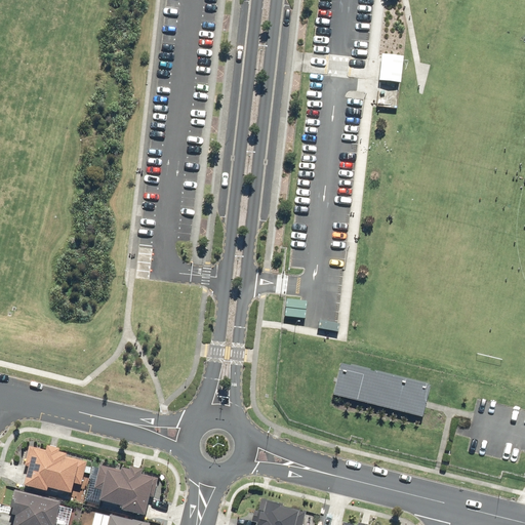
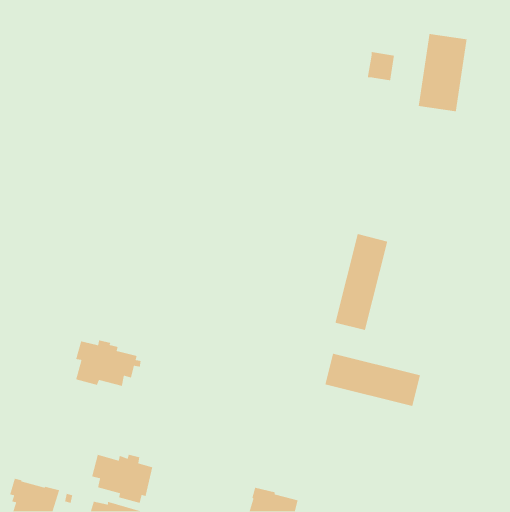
building: none -> [418,33,467,112]
building: none -> [335,233,388,331]
building: [24,445,91,493] -> [75,340,141,387]

